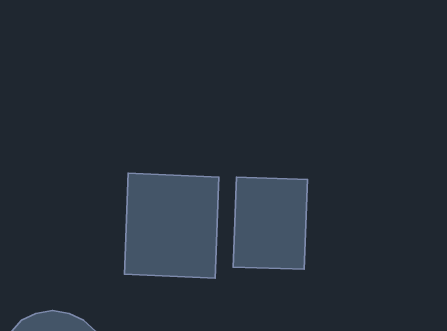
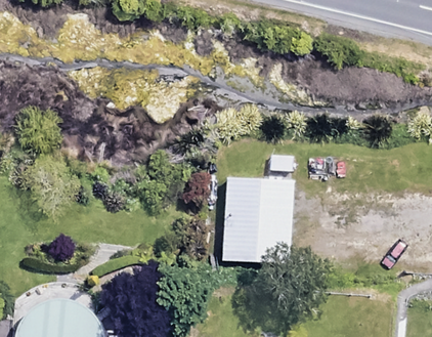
building: [124,173,219,278] -> none

